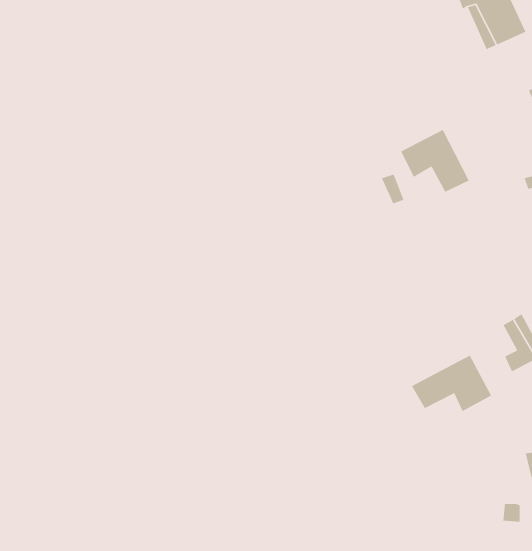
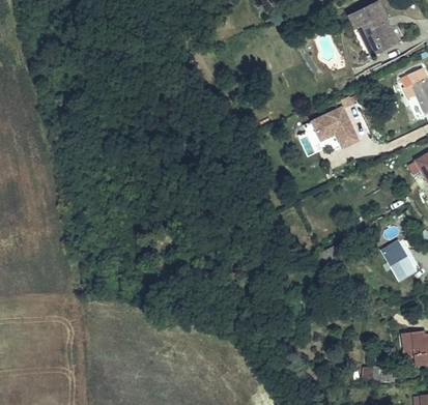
building: [411,354,492,412] -> none

